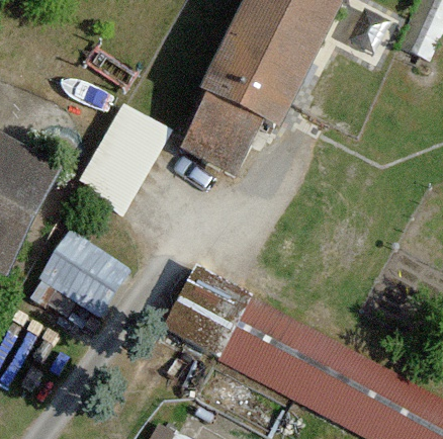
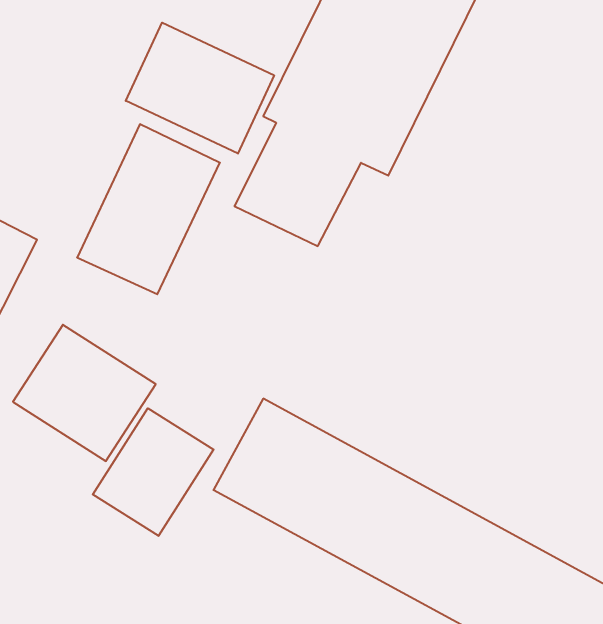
building: none -> [126,23,274,154]
building: none -> [93,408,214,536]

